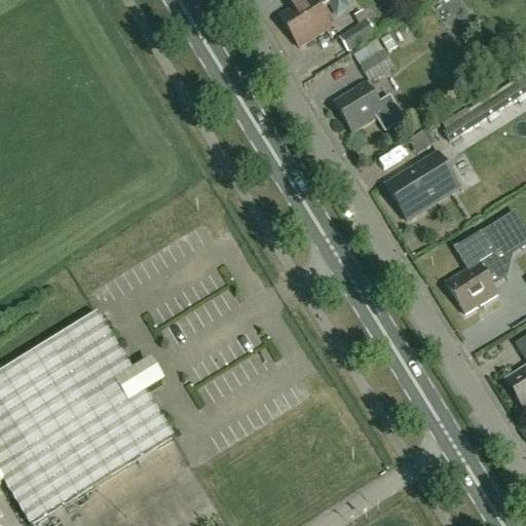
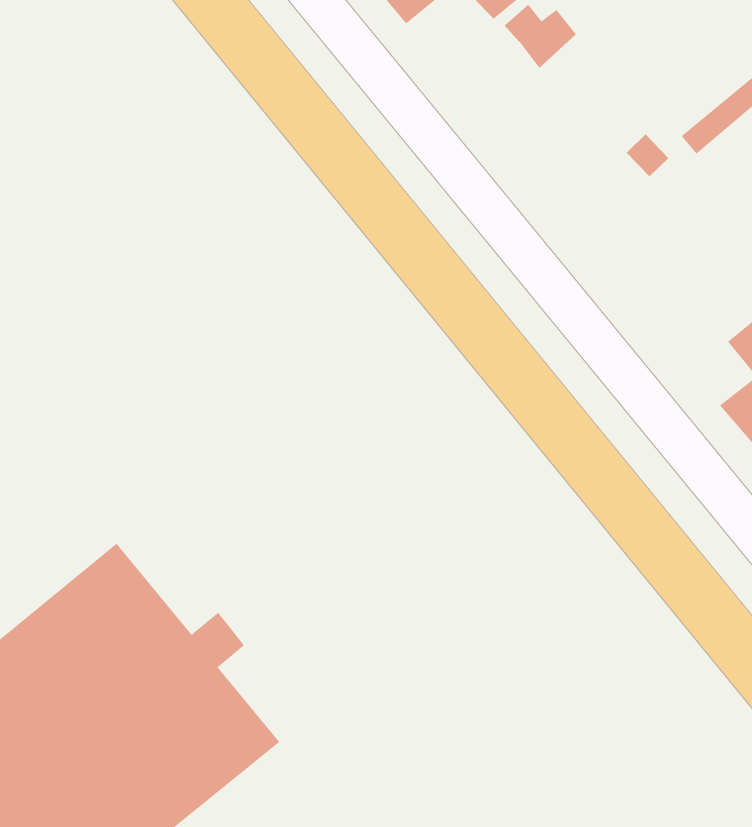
building: [333,80,404,129] -> none
building: [387,152,461,217] -> none

